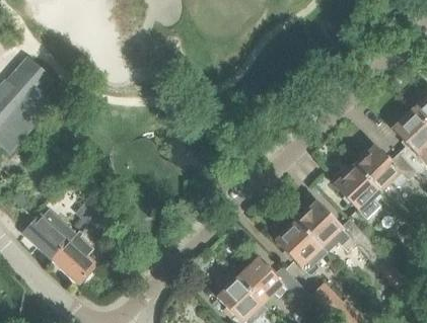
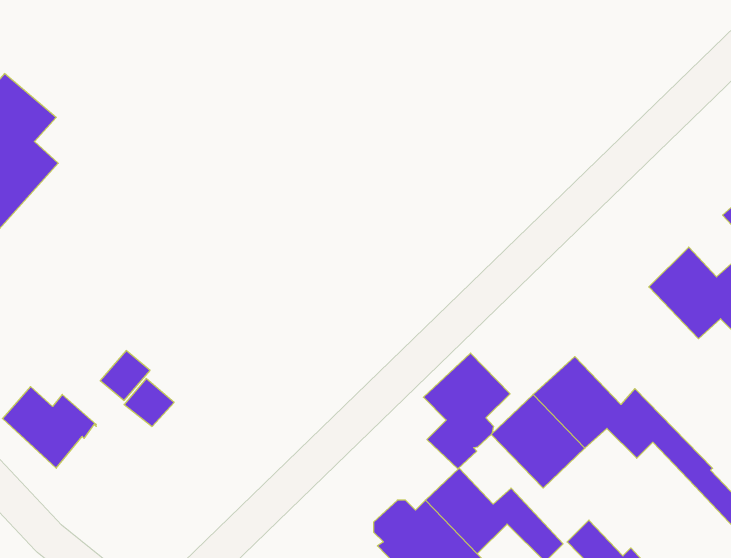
building: [333,165,379,219] -> none
building: none -> [423,353,510,469]
building: [53,235,95,281] -> none

